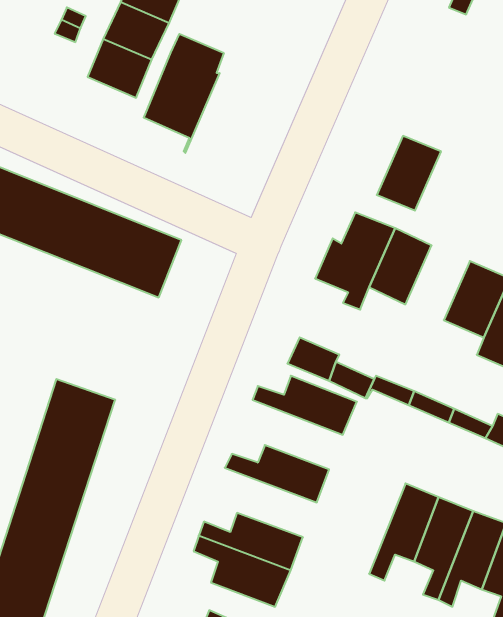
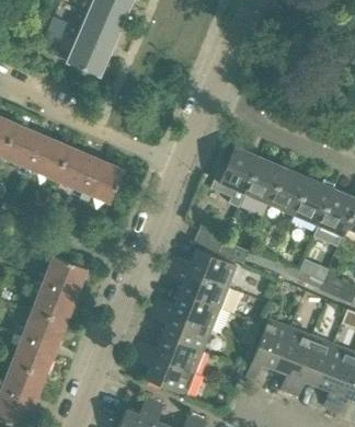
building: [144,34,224,153] -> none
building: [377,136,441,211] -> [268,169,309,216]
building: none -> [168,266,229,310]
building: none -> [151,309,213,353]

